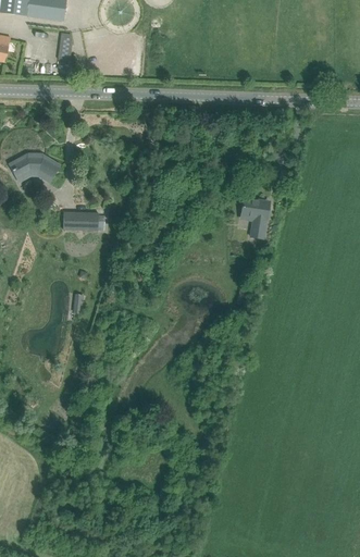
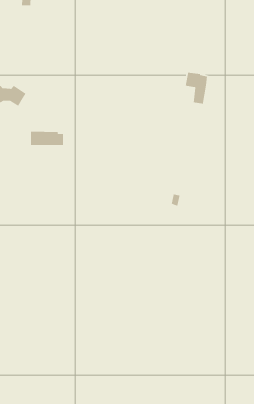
building: [240,198,269,238] -> [185,72,208,105]

